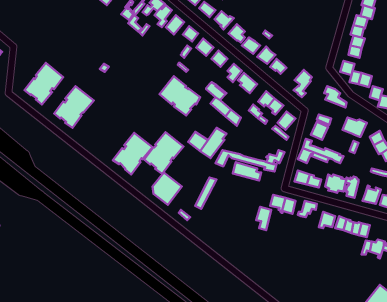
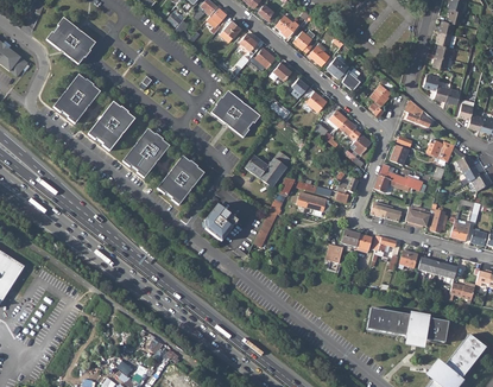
building: none -> [46,18,94,64]
building: [144,132,184,174] -> [122,129,169,178]
building: none -> [366,307,448,349]

